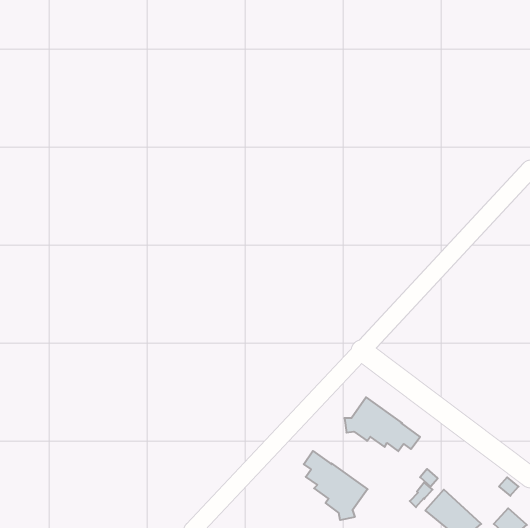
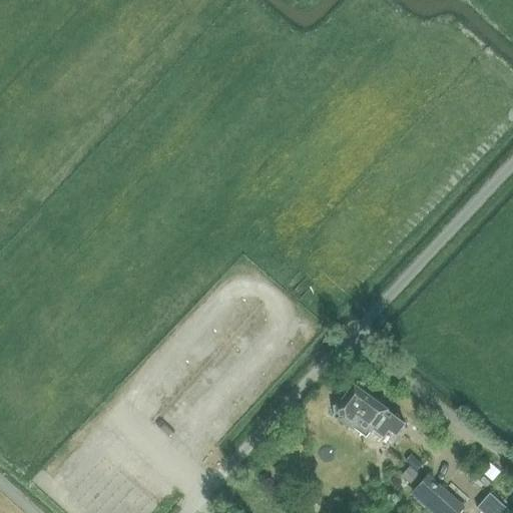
building: [304,451,368,520] -> none

